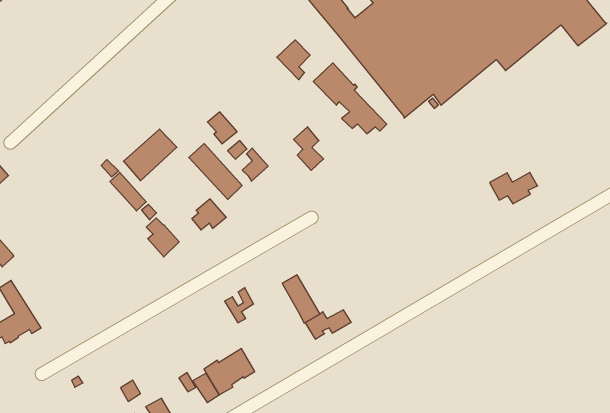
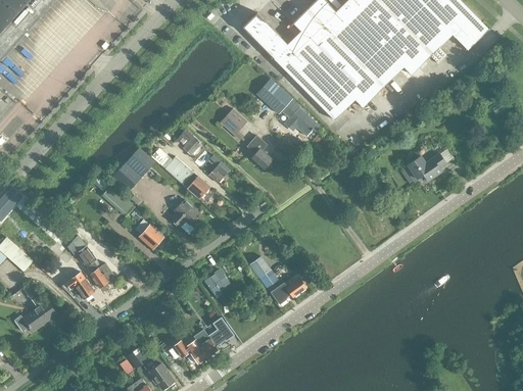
building: [277,40,310,80] -> [220,107,246,139]
building: none -> [65,234,114,287]
building: none -> [60,271,93,297]

